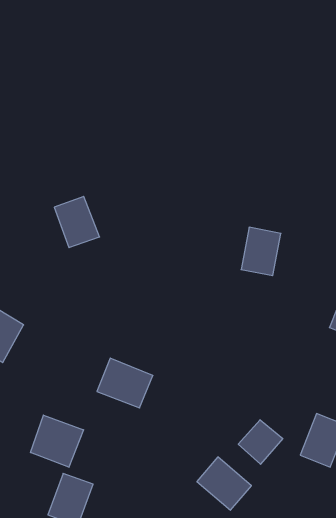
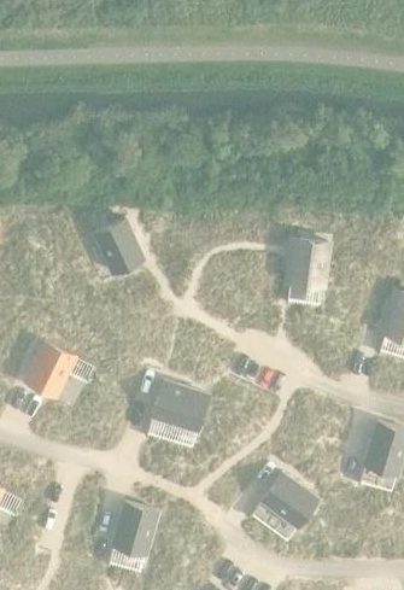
building: [31,415,84,467] -> none
building: [238,420,283,464] -> none

